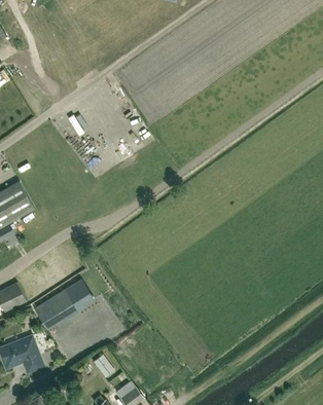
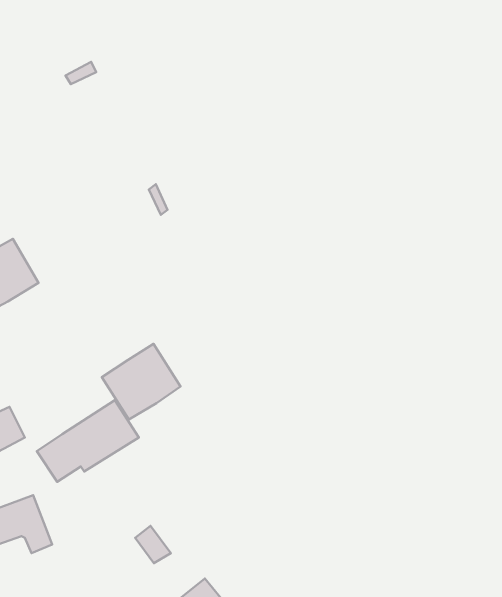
building: none -> [102,344,181,420]

